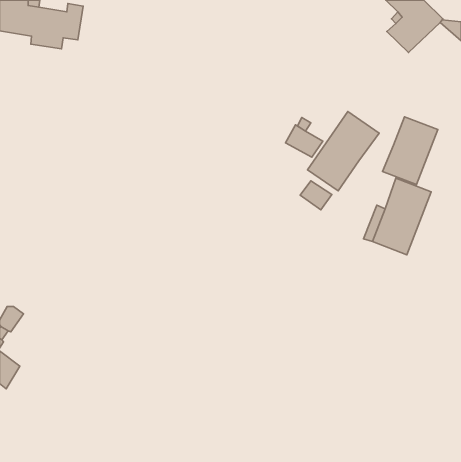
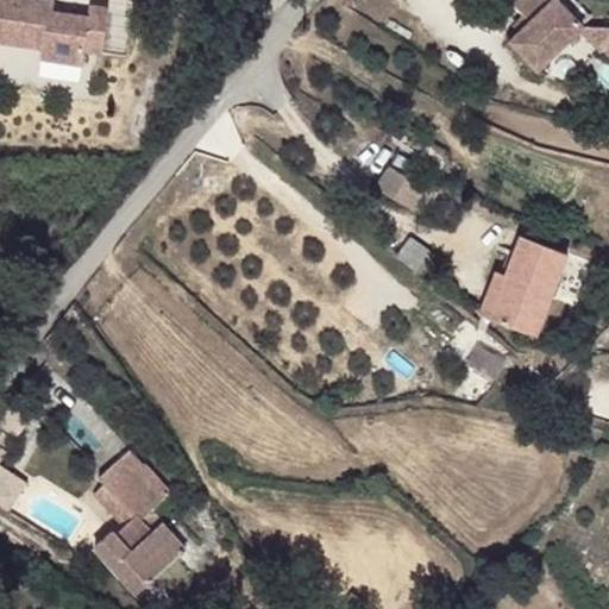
building: [307,112,379,191] -> none
building: [383,117,438,185] -> none
building: none -> [90,450,186,592]

